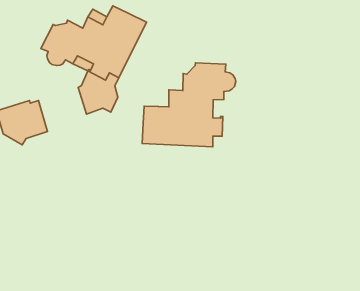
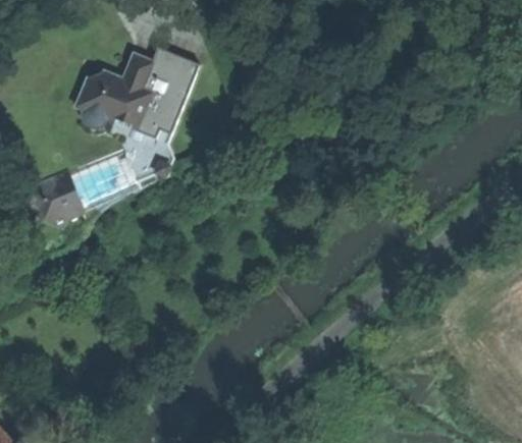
building: [142,63,236,147] -> none

